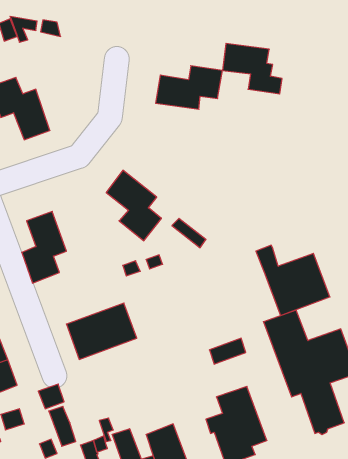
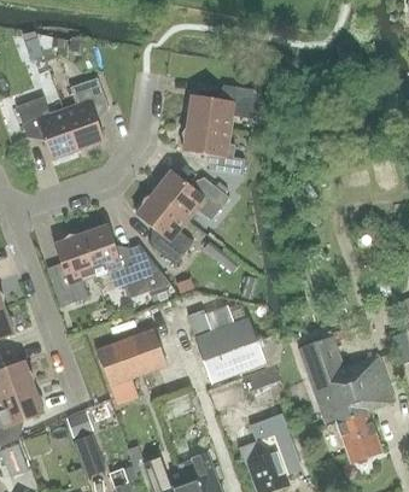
building: [222,43,282,94] -> [183,123,245,175]
building: none -> [64,77,109,151]
building: none -> [153,170,229,219]
building: none -> [81,224,160,288]
building: [256,245,330,316] -> [188,310,264,382]

